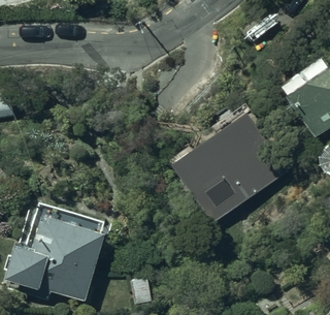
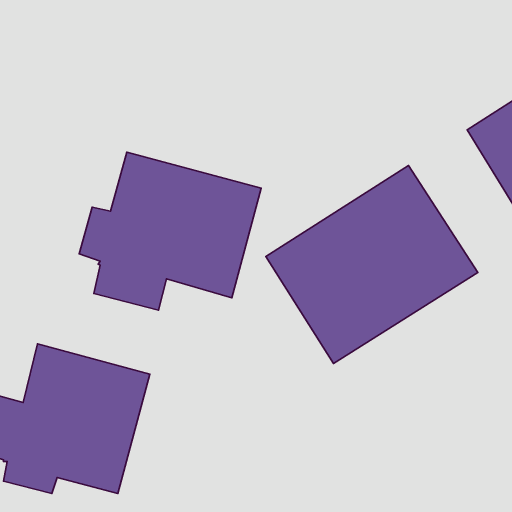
building: none -> [79,152,261,310]

